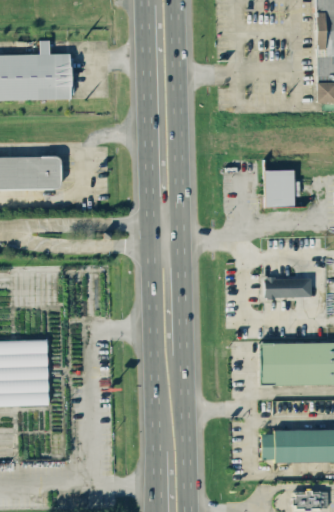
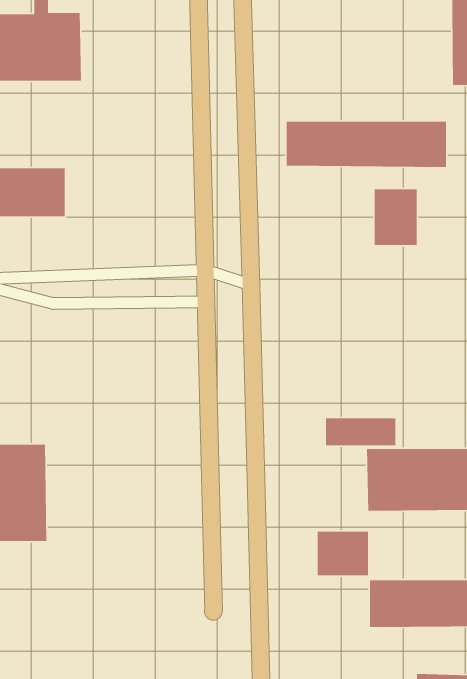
building: none -> [286,121,447,168]
building: [264,278,311,297] -> [325,417,396,446]
building: none -> [317,531,369,576]

